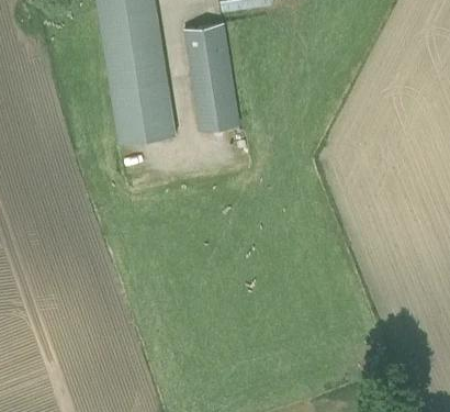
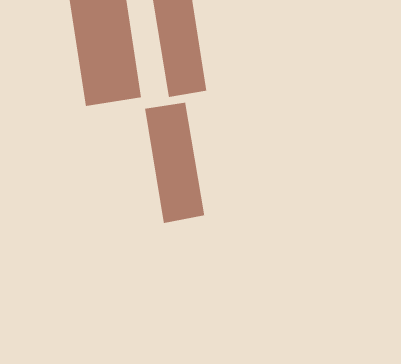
building: none -> [145,102,205,224]

